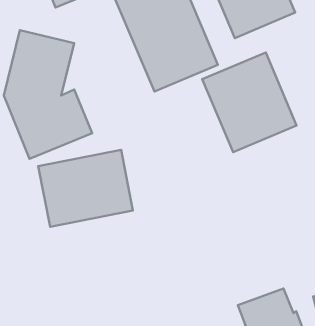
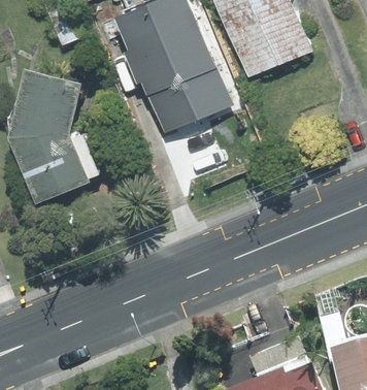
building: [202,52,296,152] -> none
building: [38,150,133,227] -> none

